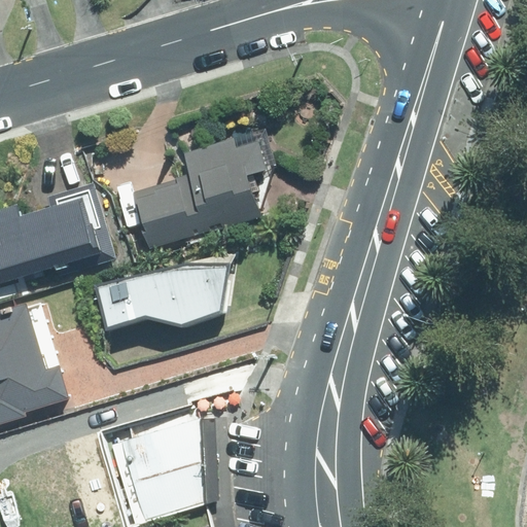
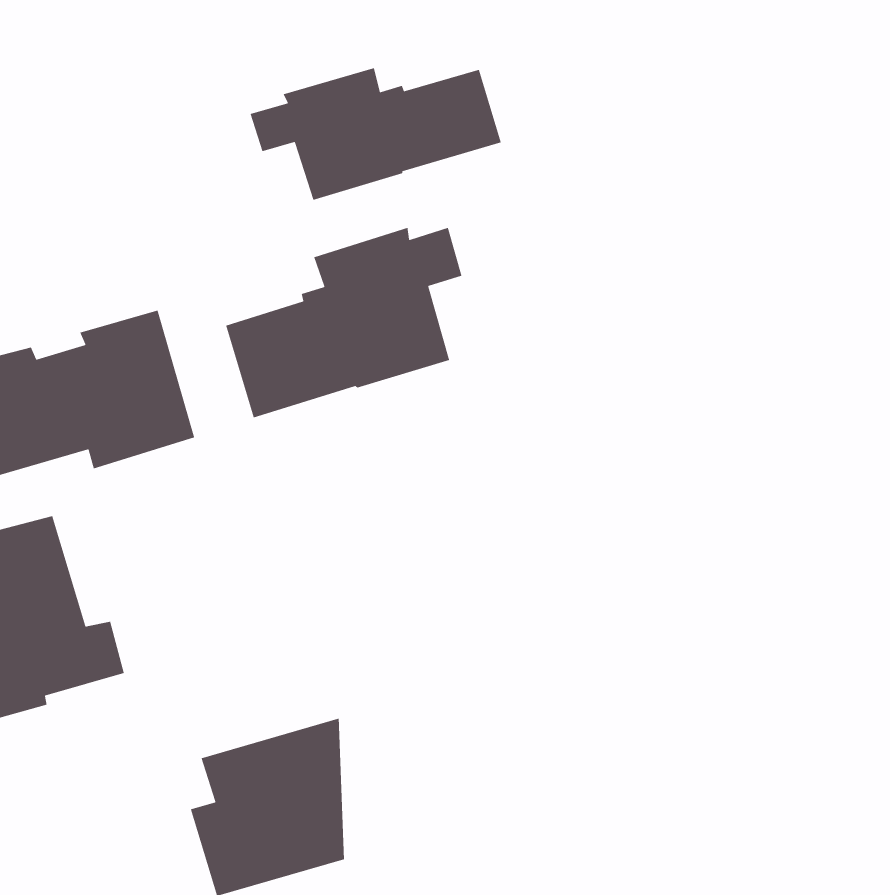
building: none -> [249,67,502,201]
building: [93,253,236,332] -> none

